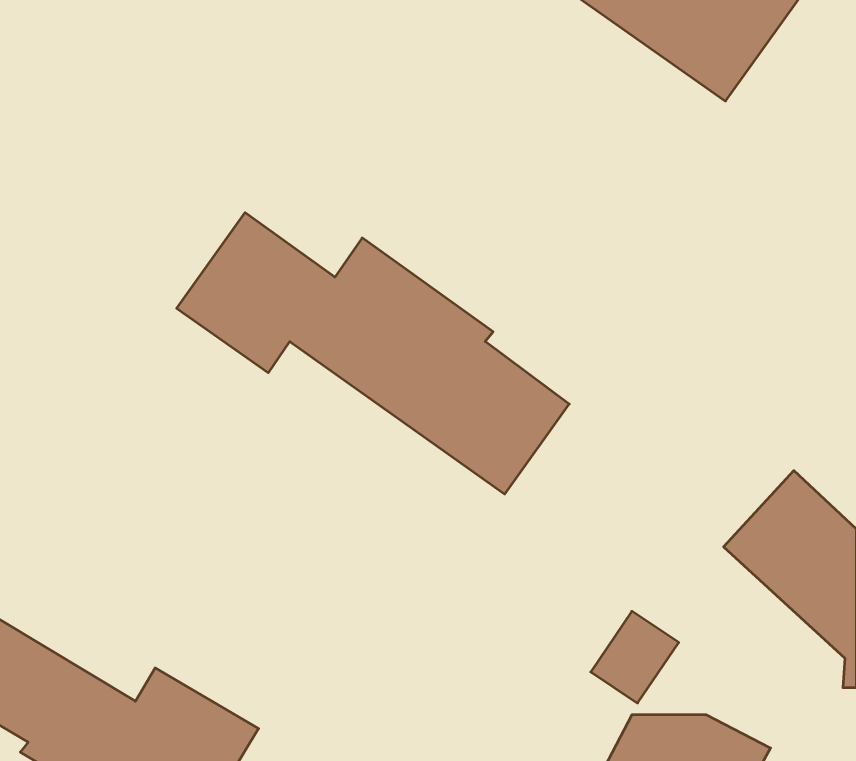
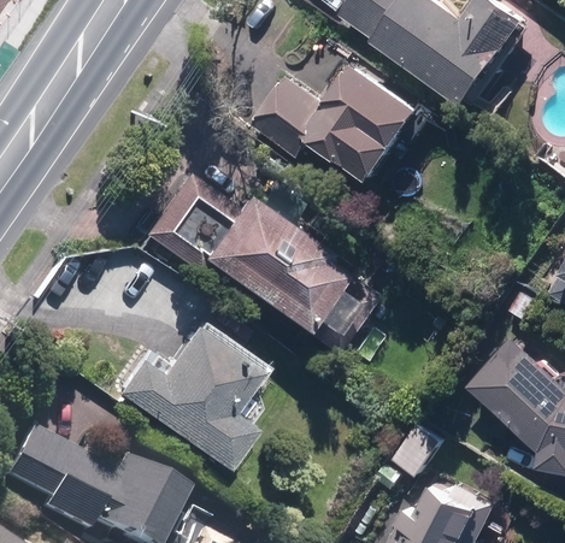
building: none -> [259,63,429,185]
building: none -> [111,317,267,466]

